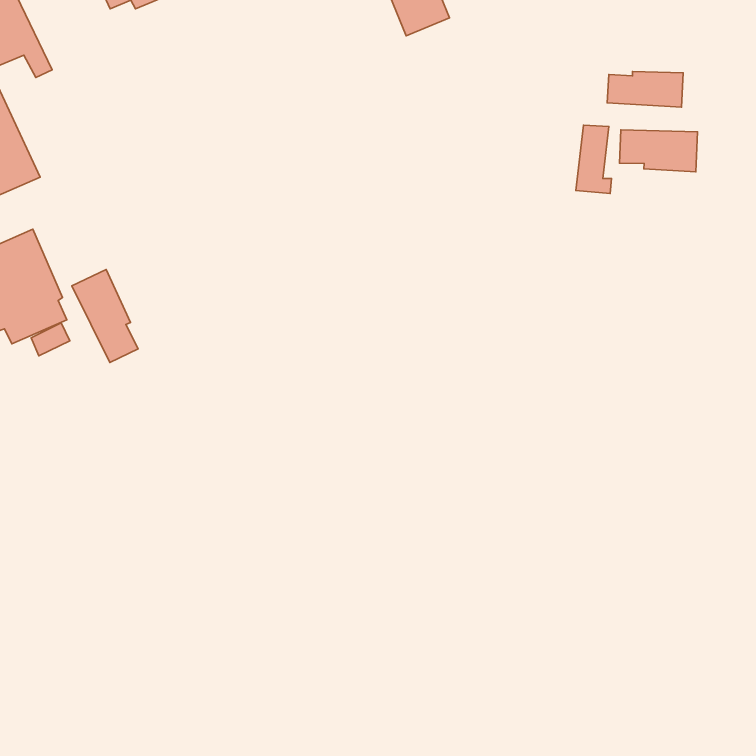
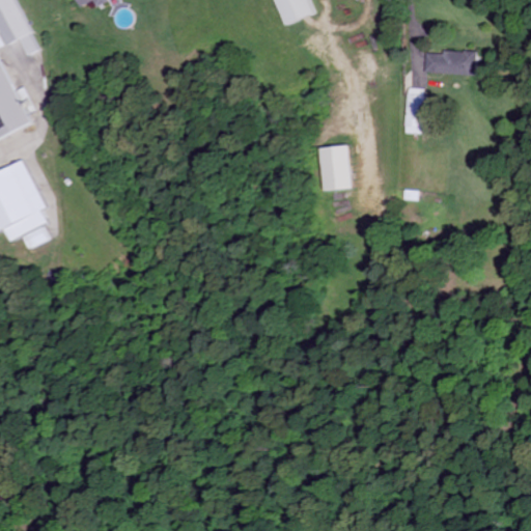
building: [620,130,698,172] -> none
building: none -> [319,145,350,191]
building: [72,270,138,363] -> none

